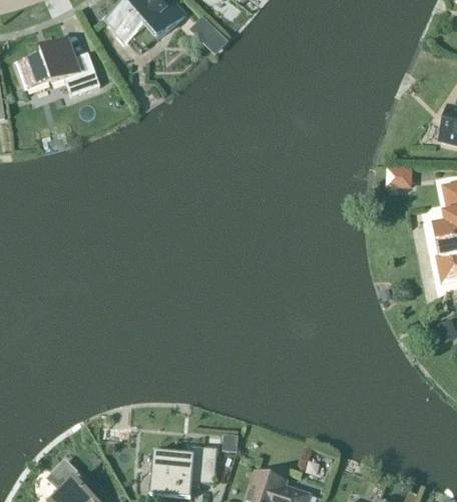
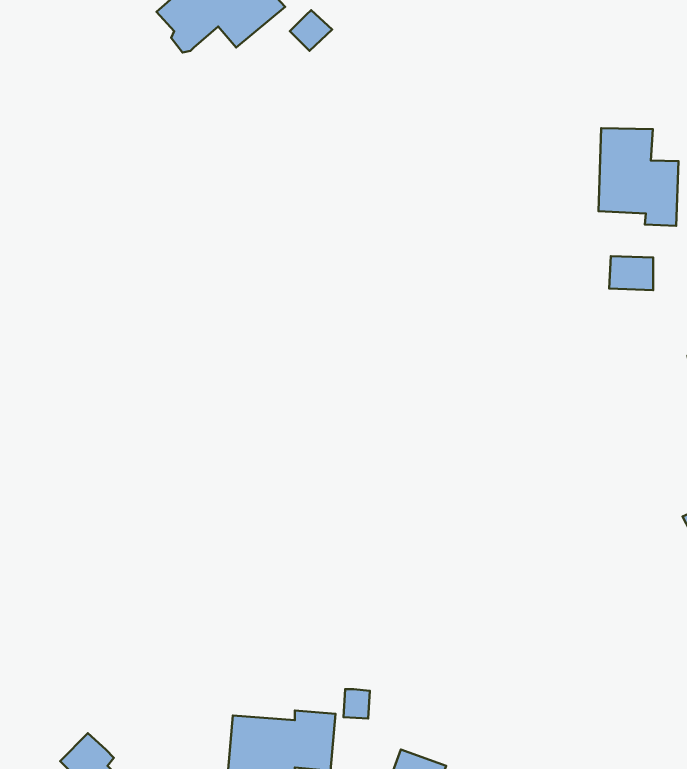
building: [16,39,100,95] -> none
building: none -> [598,128,678,226]

